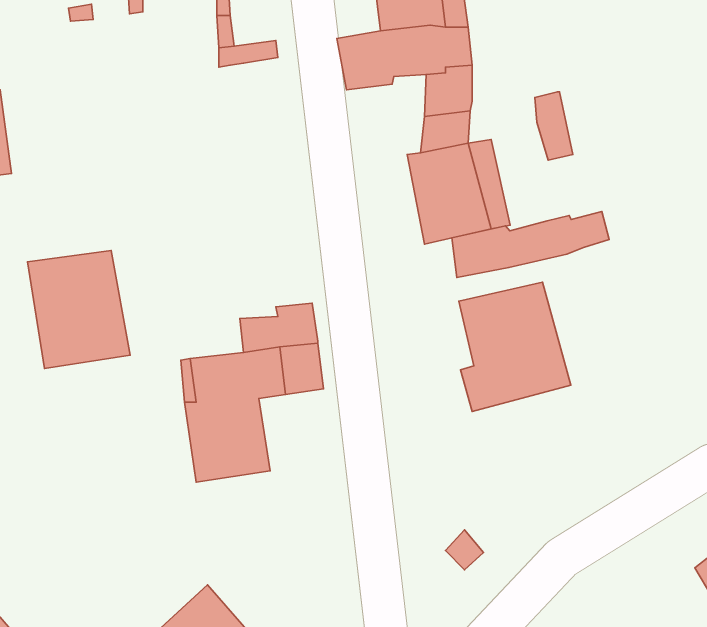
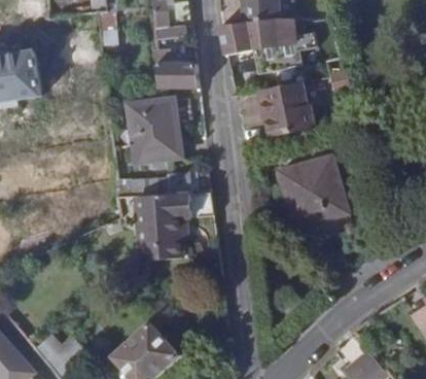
building: none -> [156,62,197,87]
building: [452,212,609,277] -> none
building: [27,251,130,369] -> [126,98,181,162]

